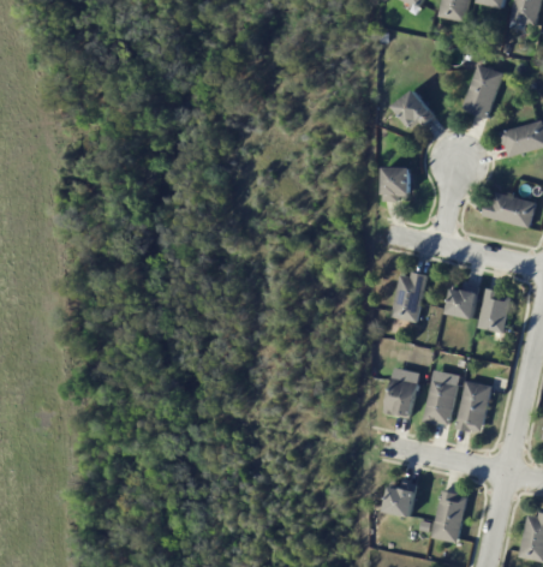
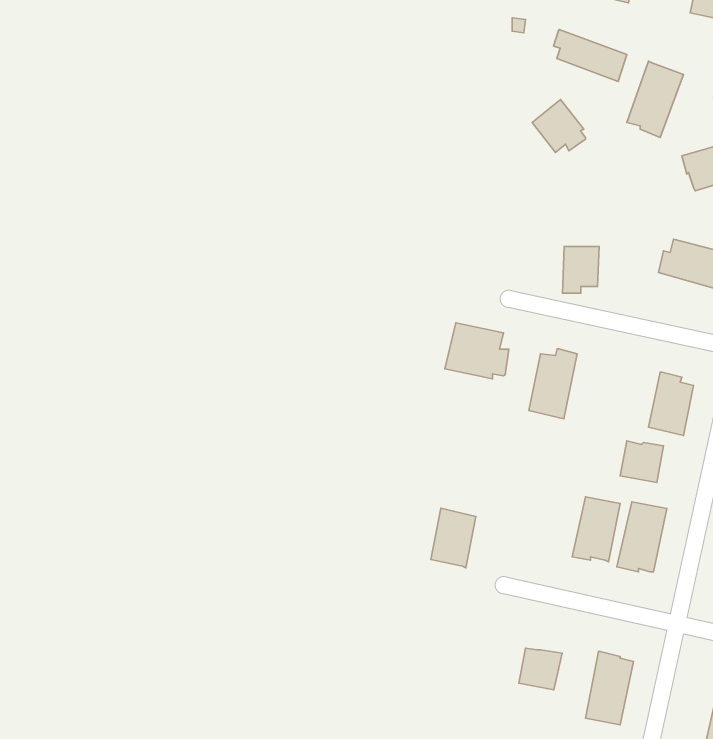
building: none -> [554,29,627,82]
building: [384,167,411,201] -> [563,247,599,293]
building: none -> [445,323,509,379]
building: [447,287,478,317] -> [620,441,664,483]
building: [384,375,417,418] -> [431,508,476,568]

